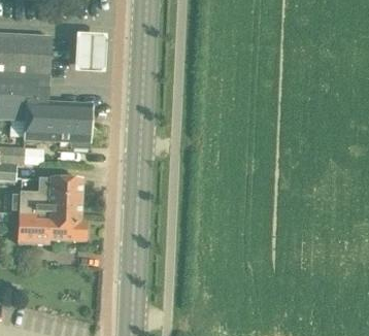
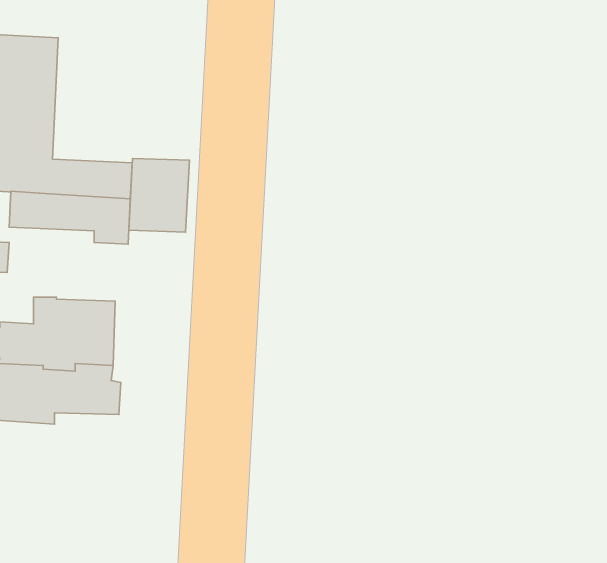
building: [72,37,105,77] -> [129,158,189,232]

